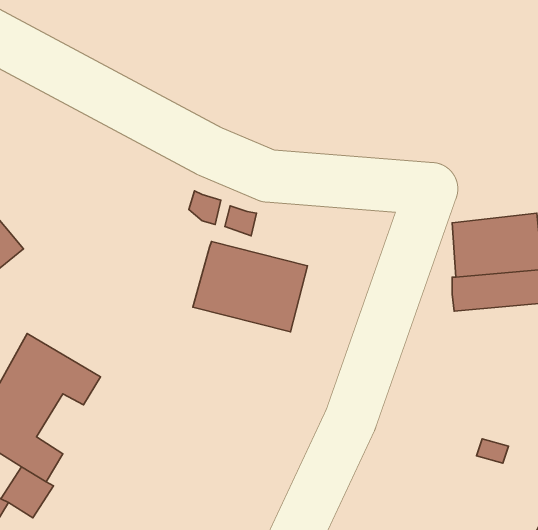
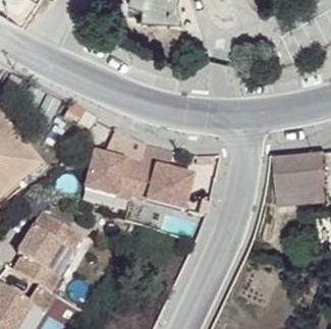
building: none -> [86,153,142,201]

